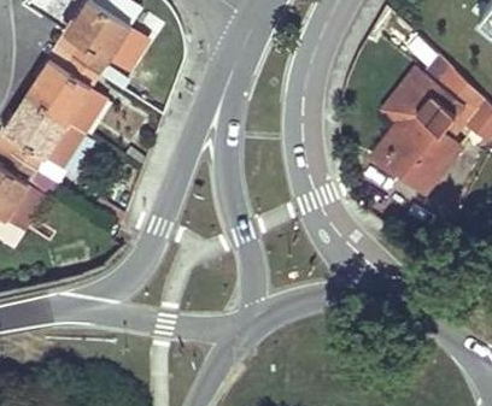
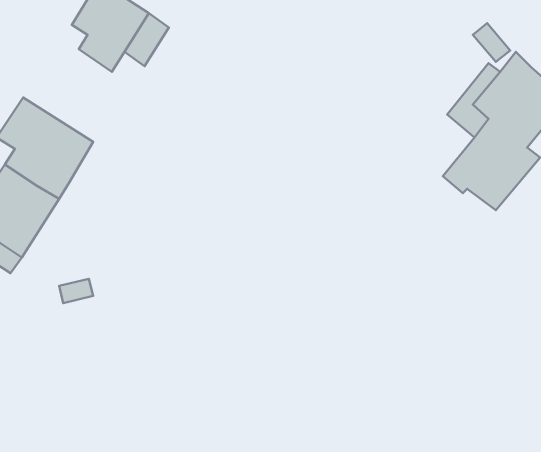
building: [24,55,105,134] -> none

